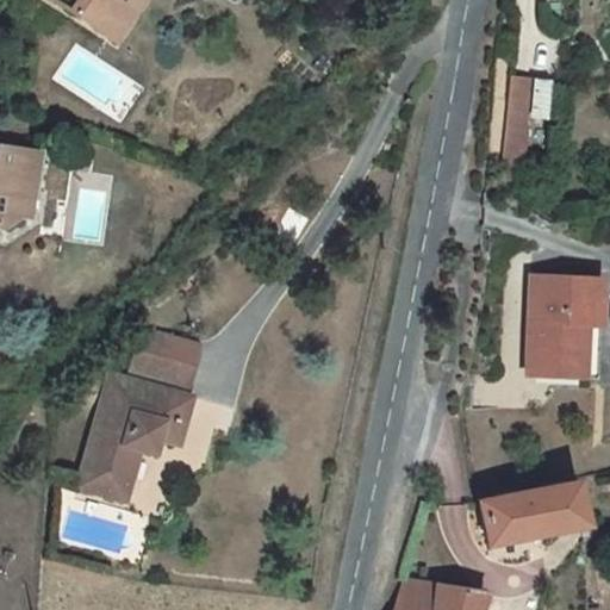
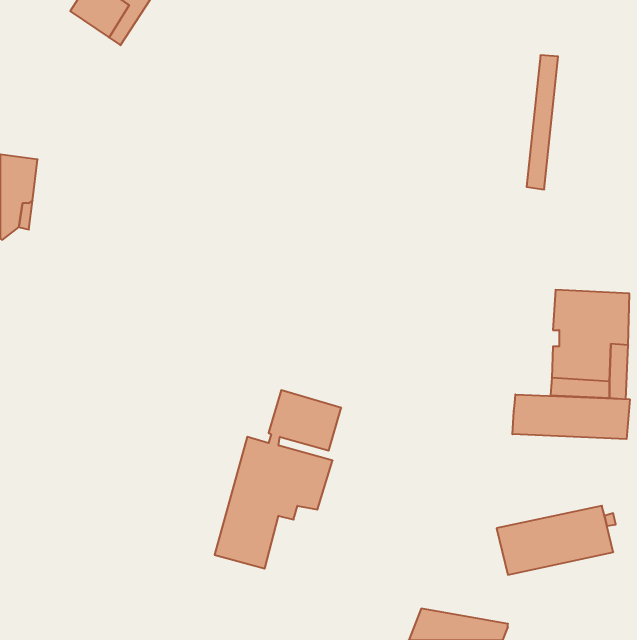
building: [81,330,201,499] -> [215,390,341,569]
building: none -> [512,394,630,439]

